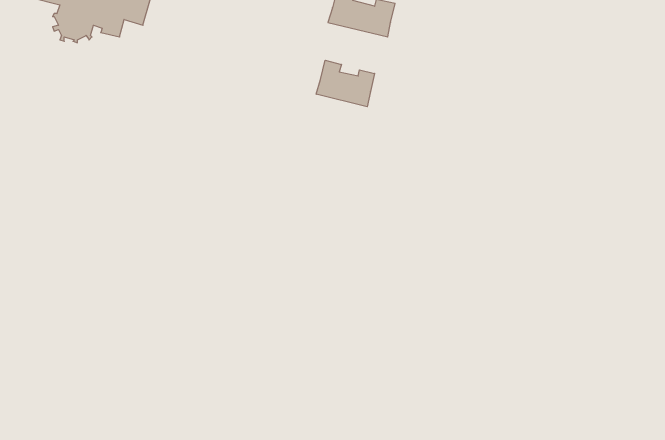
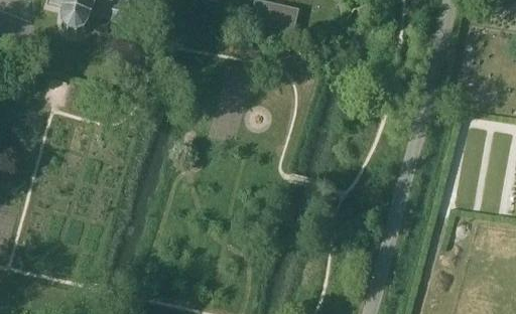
building: [316,60,375,107] -> none

